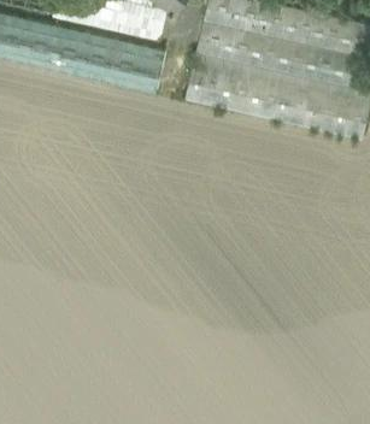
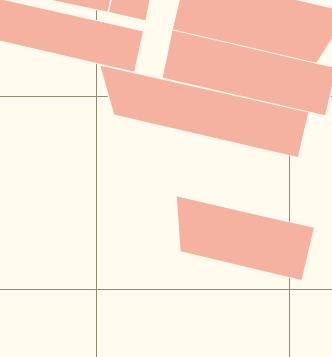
building: none -> [100,65,309,158]
building: none -> [176,196,314,281]

